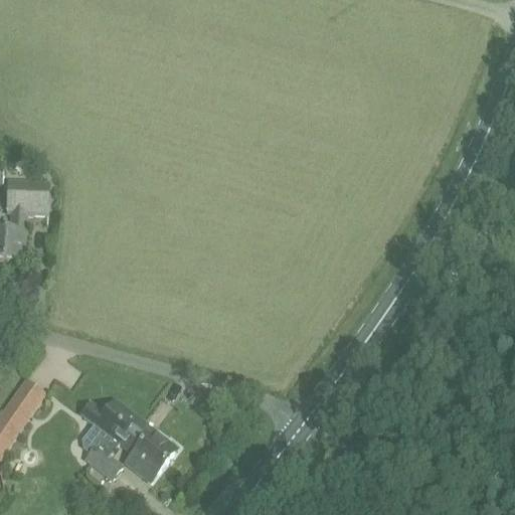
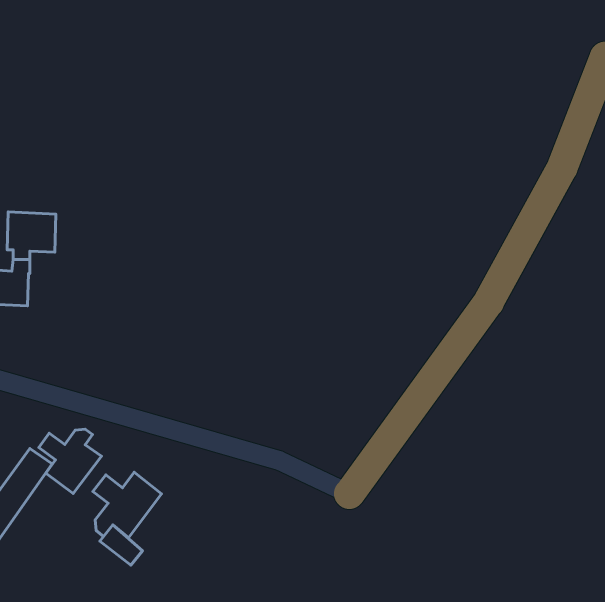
building: none -> [39,429,101,493]
building: [119,417,176,482] -> none

